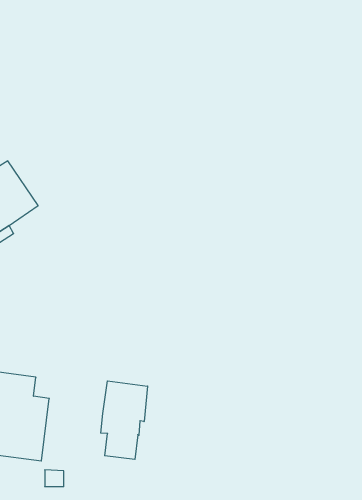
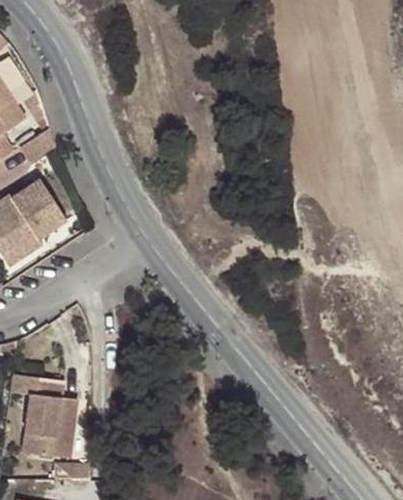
building: [101,381,148,459] -> none

